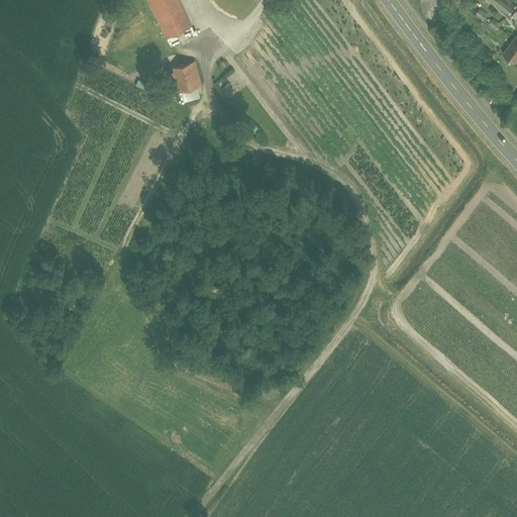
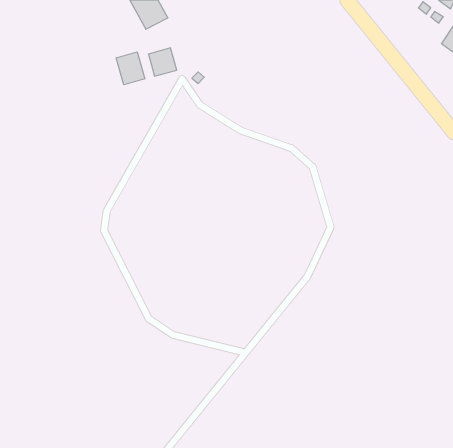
building: none -> [116,52,145,85]

